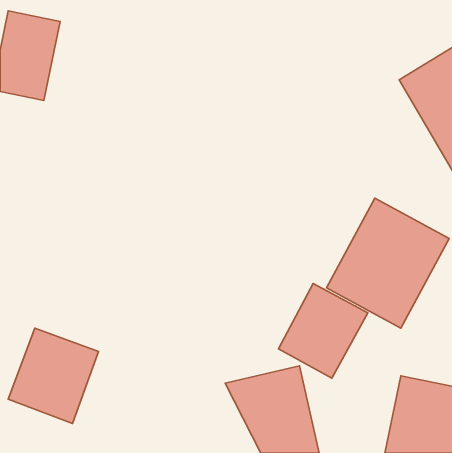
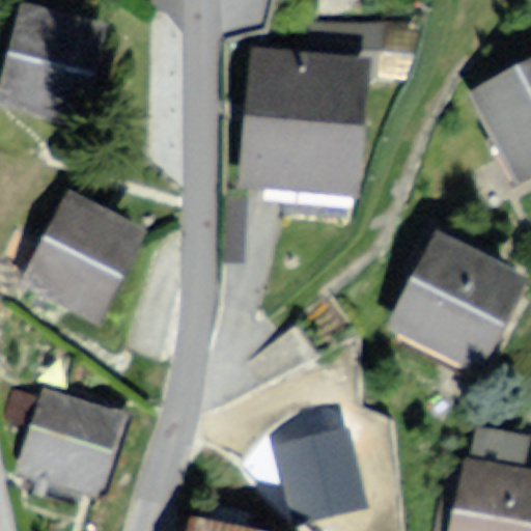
building: none -> [239,43,362,202]
building: none -> [19,199,144,327]
building: [278,284,368,378] -> none

